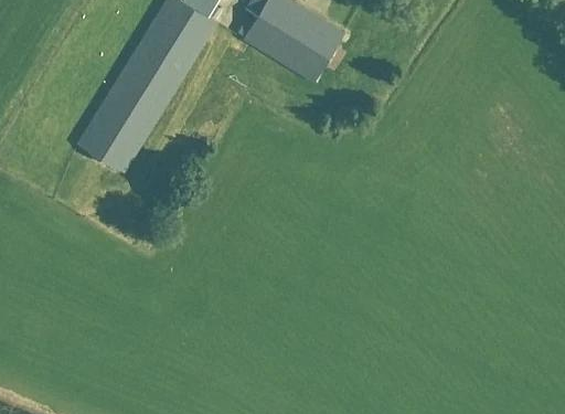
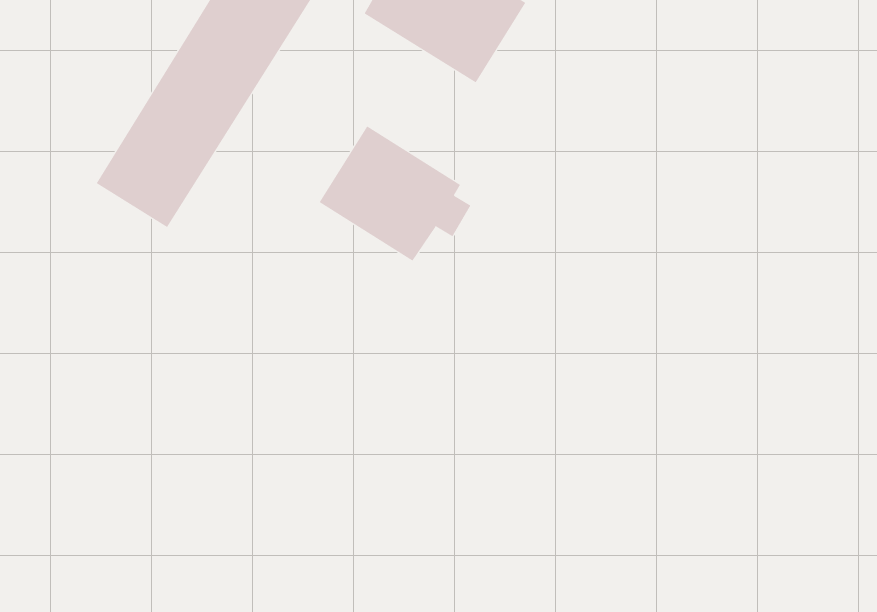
building: none -> [319,125,471,261]

